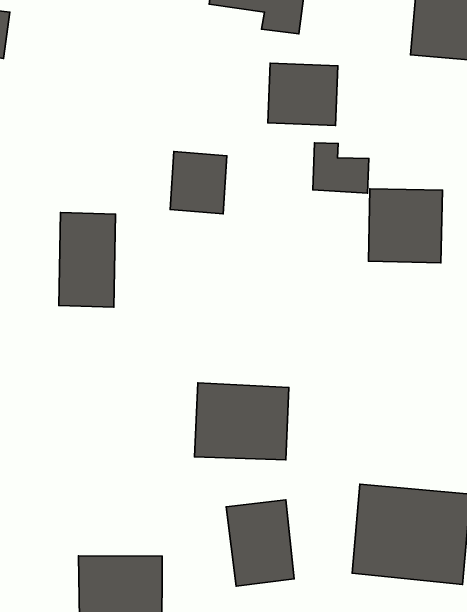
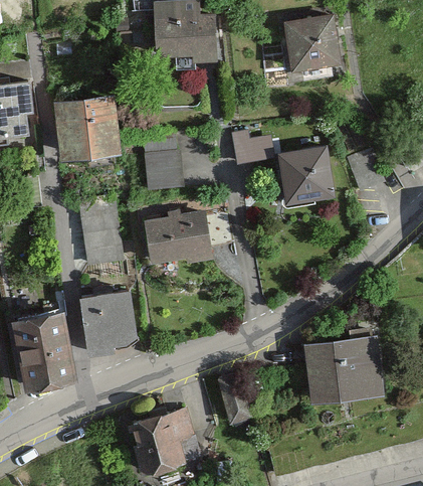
building: none -> [57,97,119,158]
building: [268,63,338,126] -> none
building: none -> [78,291,133,354]
building: [195,383,289,460] -> [145,213,209,268]

